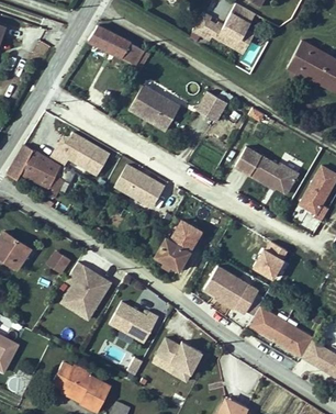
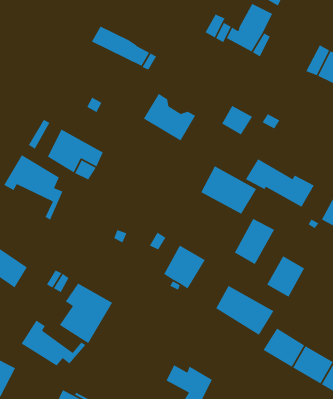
building: [113,161,166,208] -> [200,165,257,215]
building: none -> [234,218,275,265]
building: none -> [20,319,87,366]
building: [110,303,158,344] -> none

